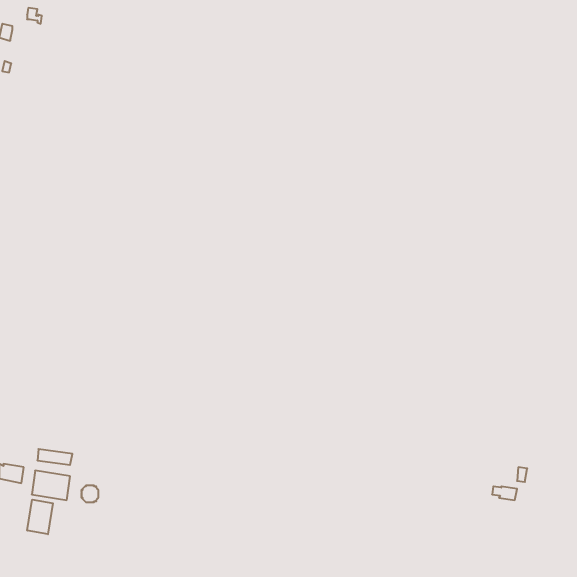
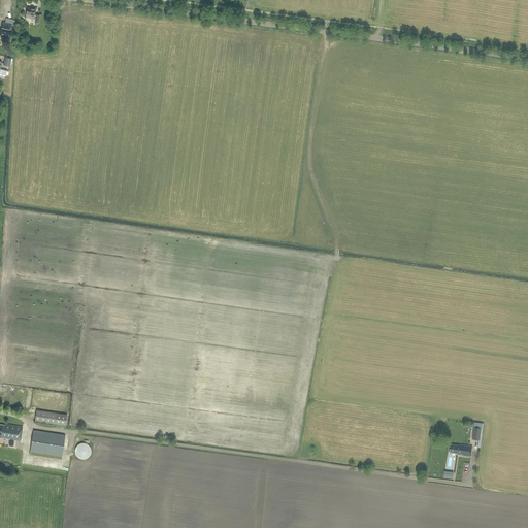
building: [27,500,53,534] -> none

